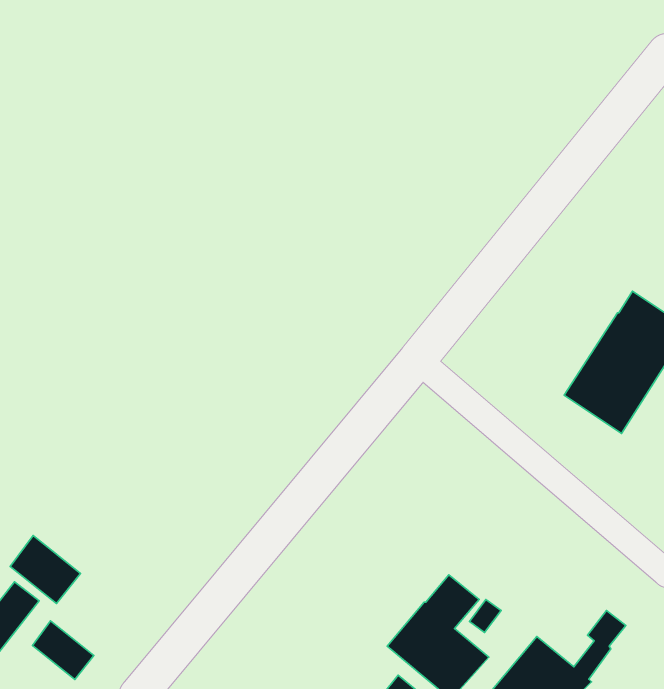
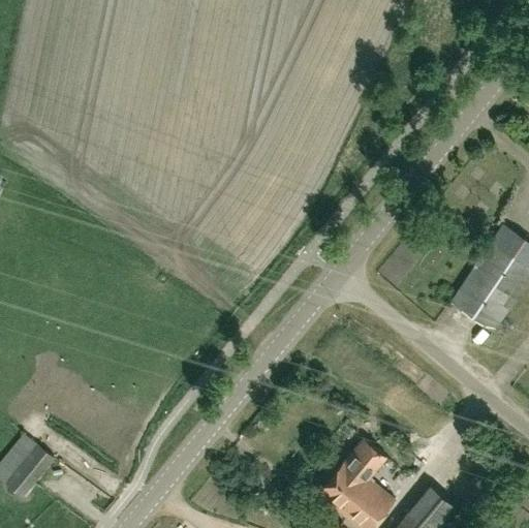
building: [10,536,81,604] -> none
building: [33,621,94,679] -> none

